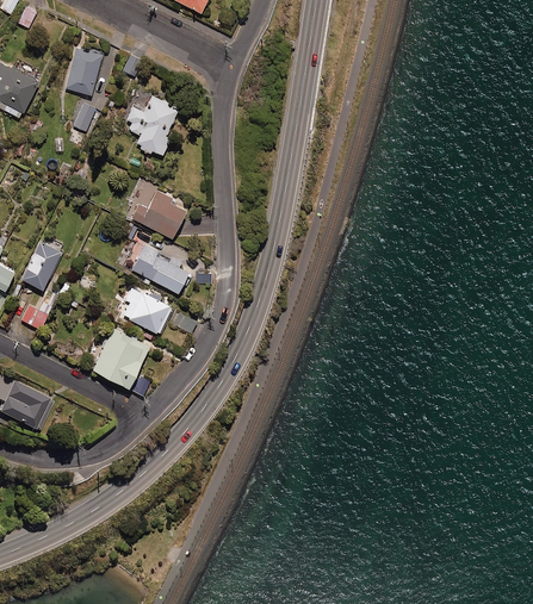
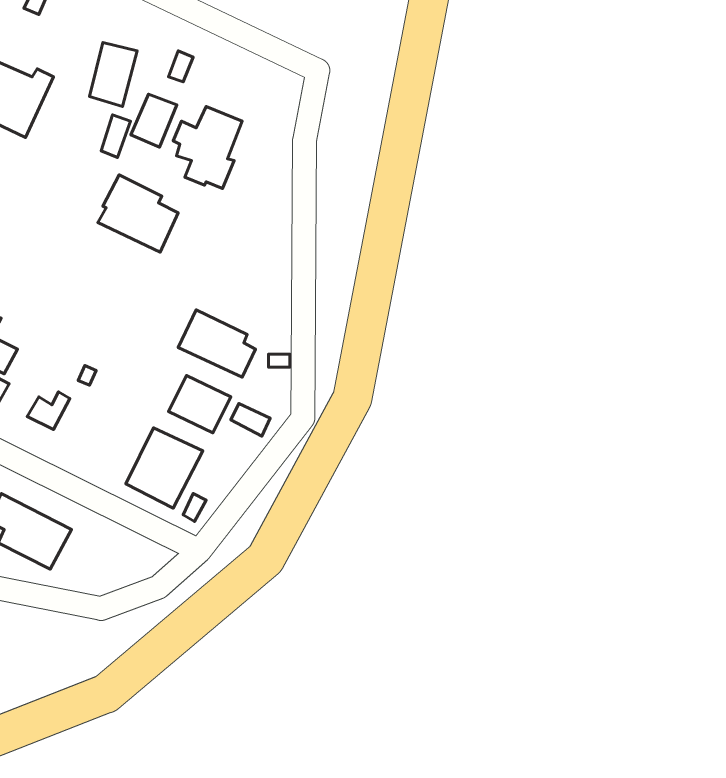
building: none -> [131,94,177,147]
building: [126,181,185,237] -> [98,175,178,252]
building: [21,242,61,289] -> none

